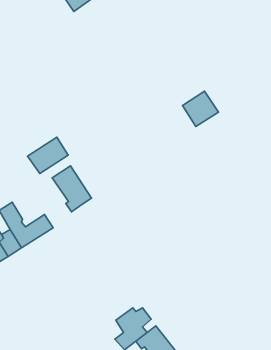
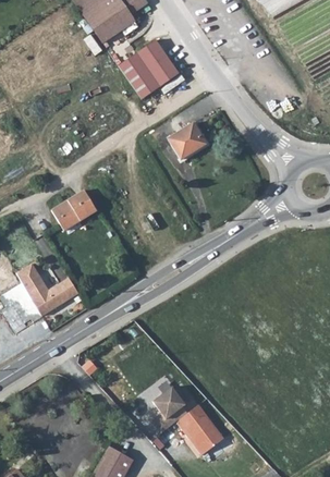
building: none -> [118,45,178,103]
building: [182,91,219,126] -> [166,118,207,158]
building: [52,166,91,212] -> none

